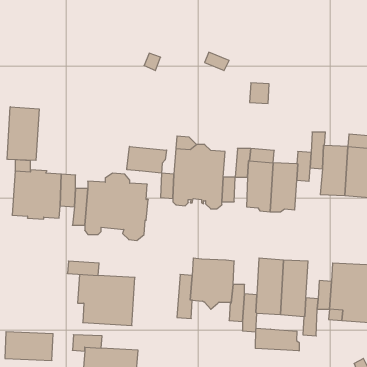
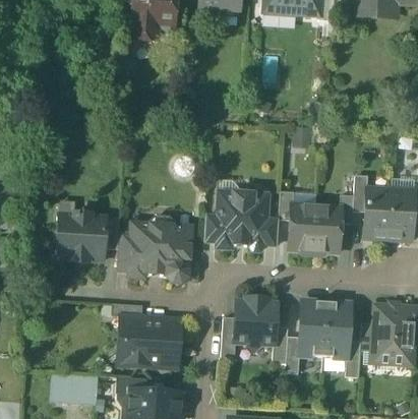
building: [7,107,39,160] -> none
building: [127,146,167,173] -> none
building: [255,328,299,351] -> none

